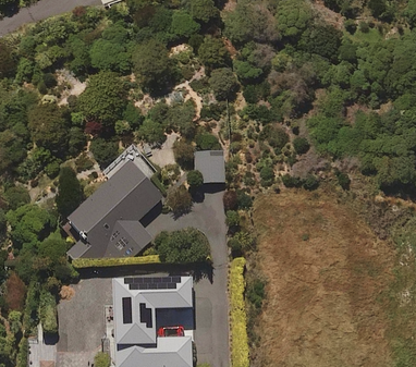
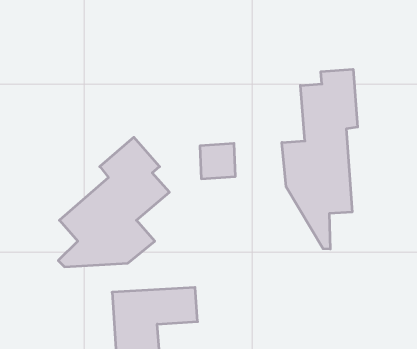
building: none -> [282,69,358,249]

